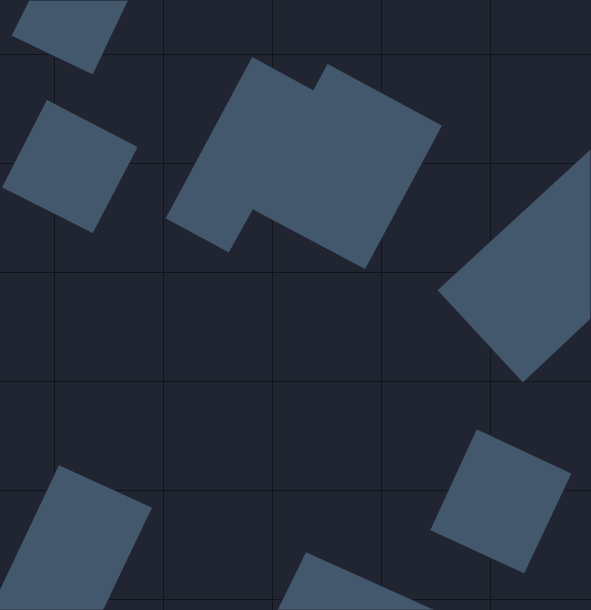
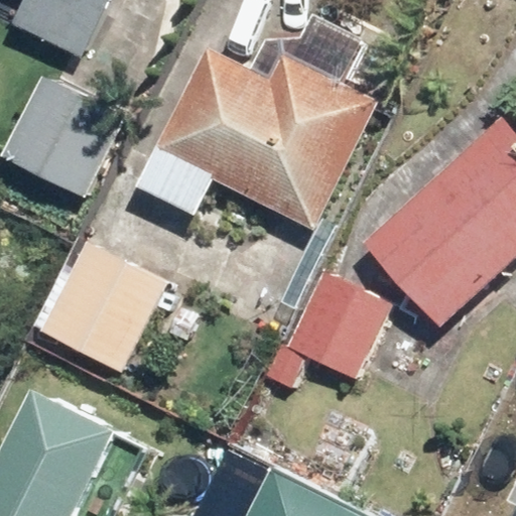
building: none -> [40,241,160,368]
building: none -> [283,272,388,378]
building: [430,428,572,574] -> none

